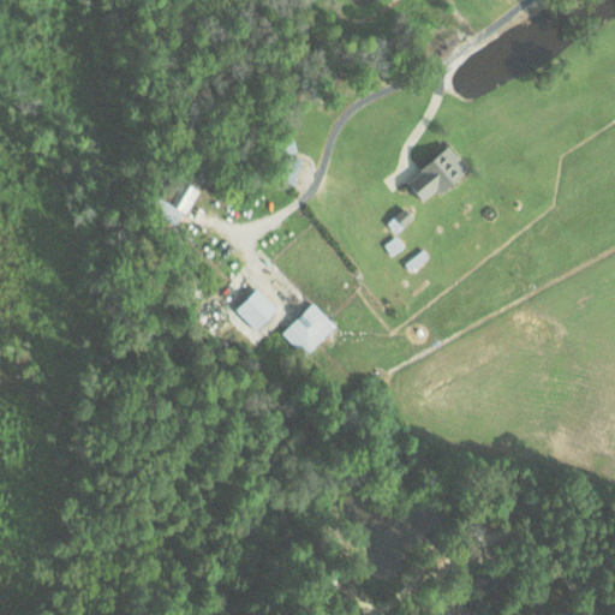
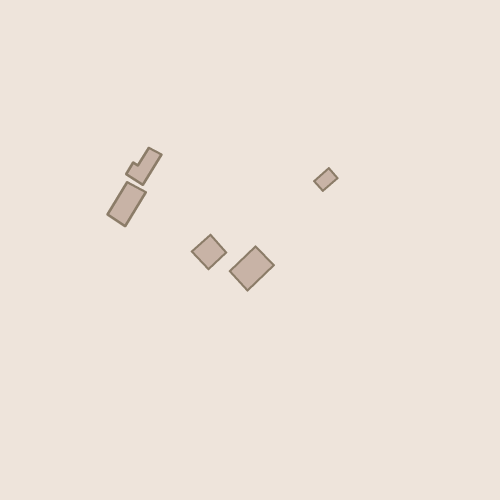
building: [407,145,470,202] -> none
building: none -> [107,182,146,226]

